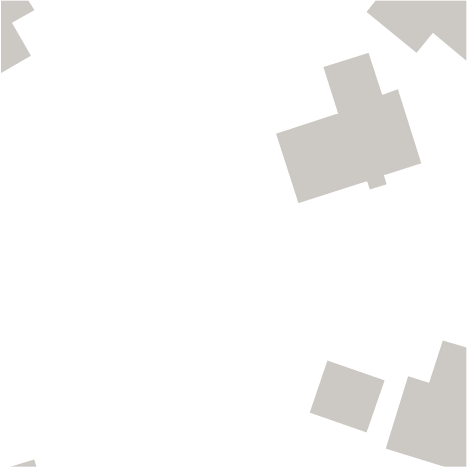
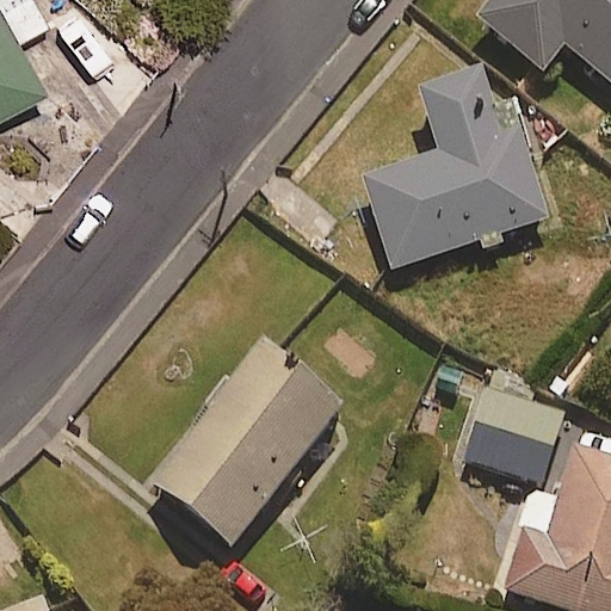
building: none -> [153,339,345,542]
building: [309,360,385,433] -> [464,387,564,482]

